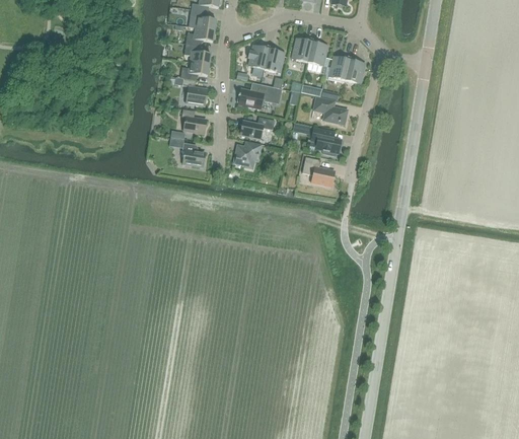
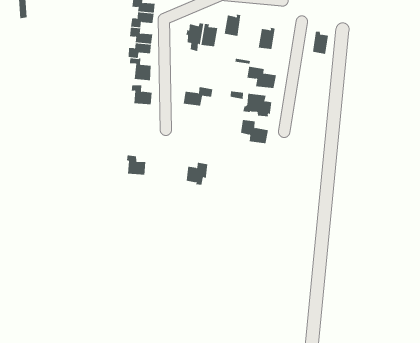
building: [307,38,327,65] -> none
building: [345,56,365,83] -> [312,31,329,55]
building: [236,83,282,108] -> none
building: [234,141,261,167] -> [186,162,208,185]
building: [182,142,205,166] -> [126,155,146,175]

